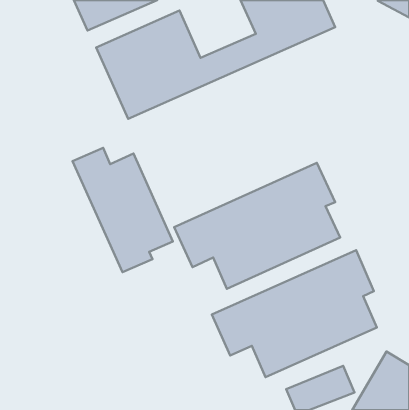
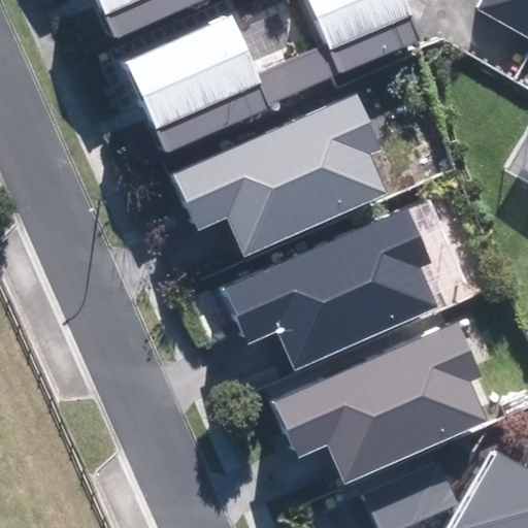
building: none -> [174,96,388,258]
building: [73,148,173,272] -> none

